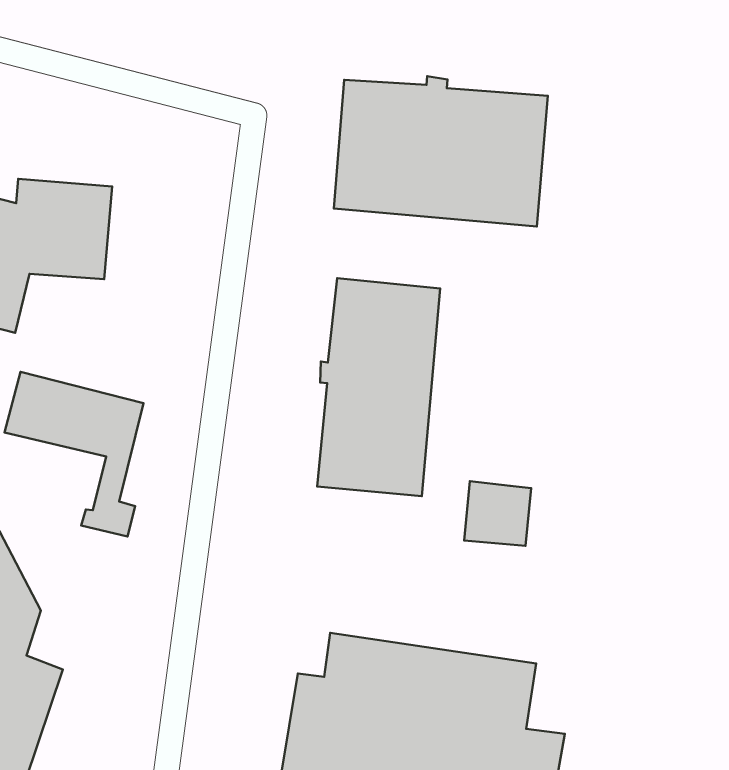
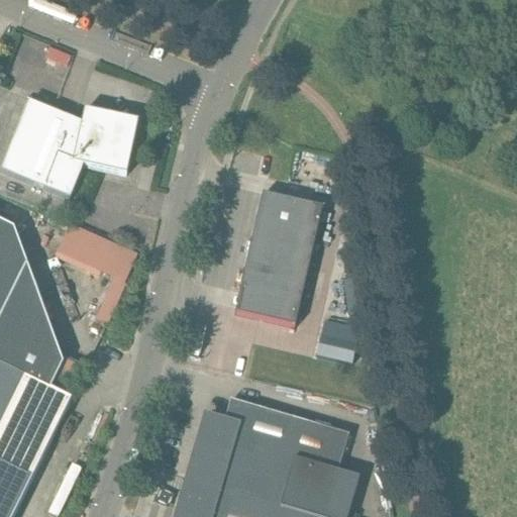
building: [334,76,548,226] -> none

